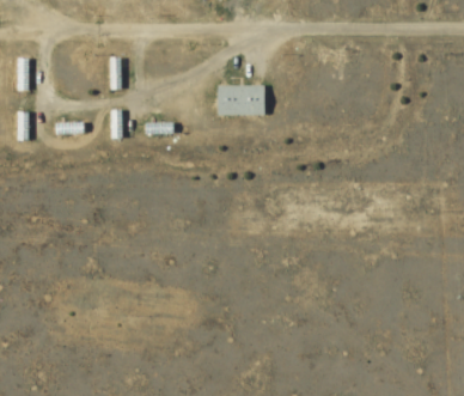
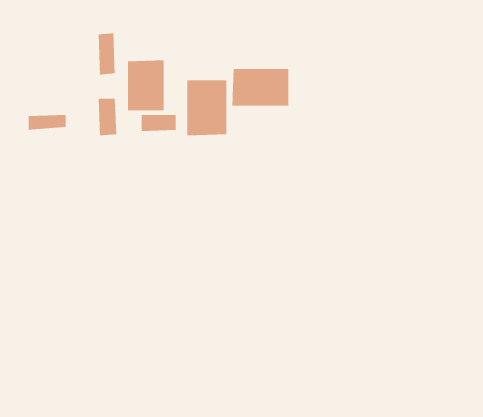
building: none -> [127,59,164,111]
building: none -> [187,80,227,136]

